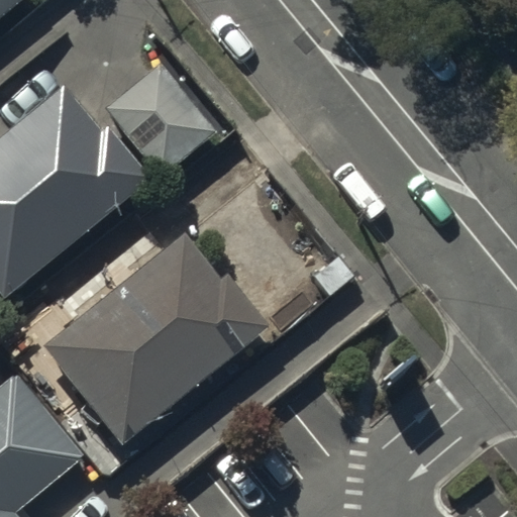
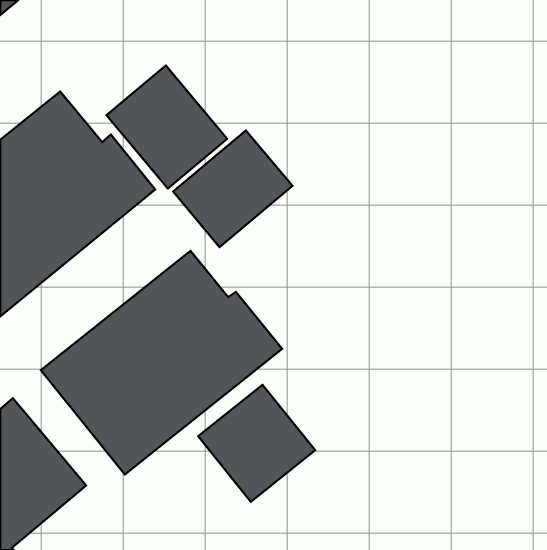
building: none -> [173,130,293,247]
building: none -> [198,385,315,502]

